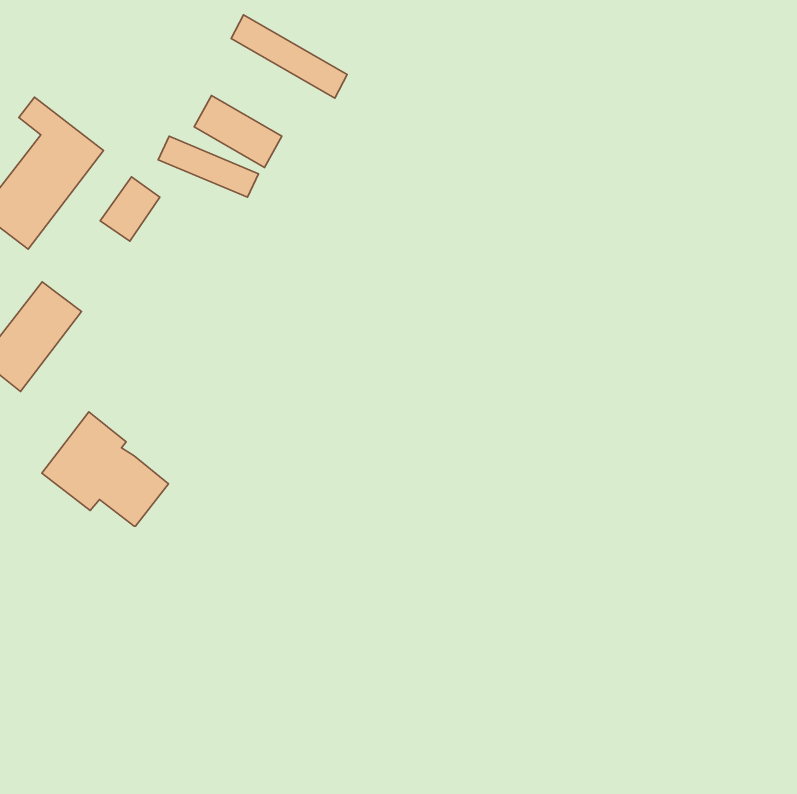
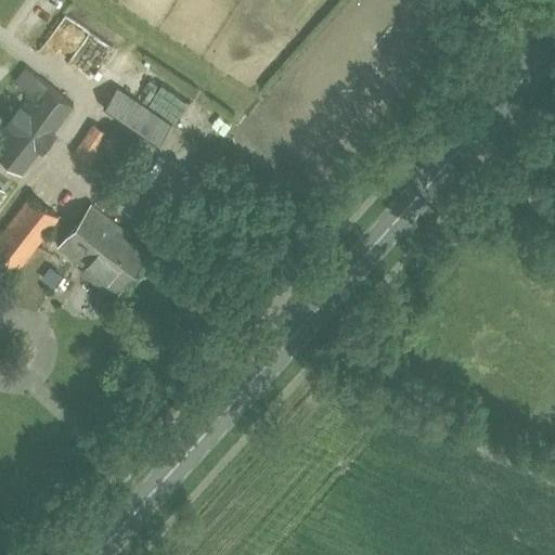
building: [231,15,347,98] -> none
building: [42,412,169,526] -> [57,208,145,287]

